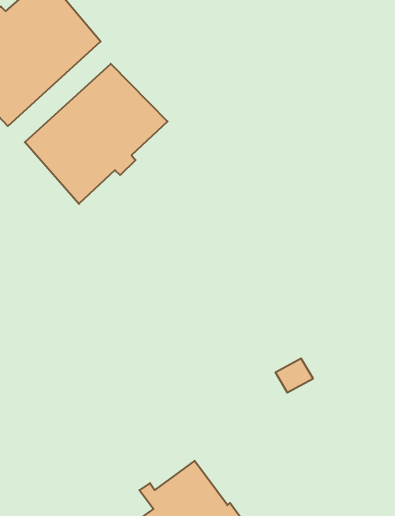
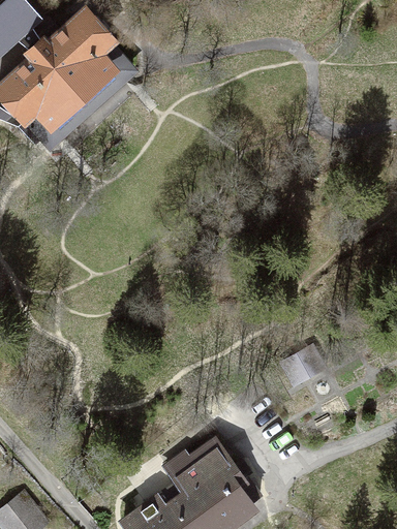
building: [25,64,168,204] -> none

